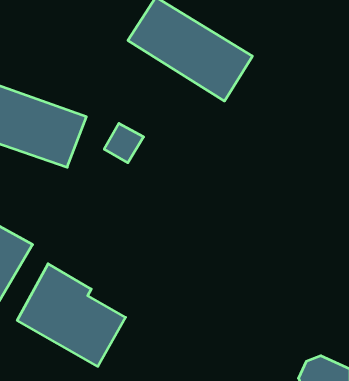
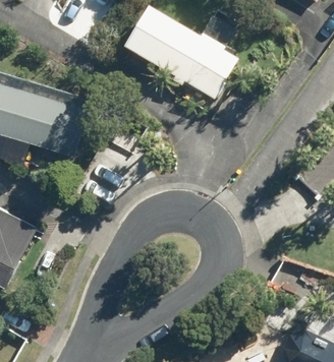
building: [17,264,126,366] -> none

